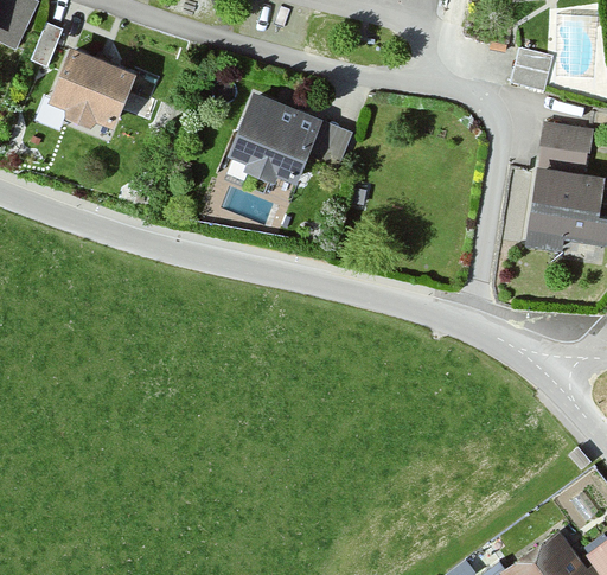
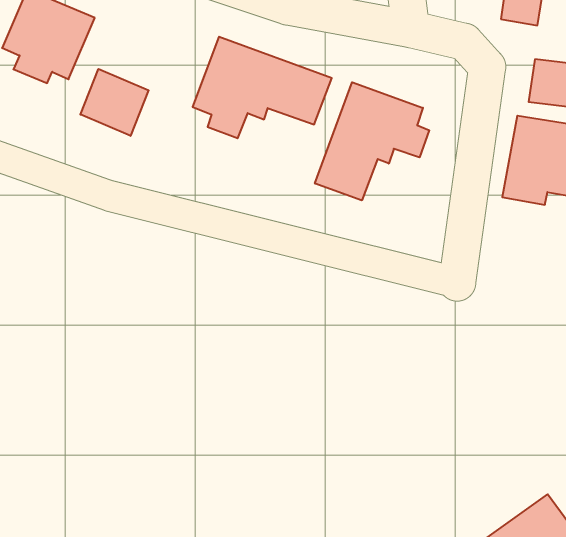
building: none -> [80,69,149,136]
building: none -> [315,82,429,200]

